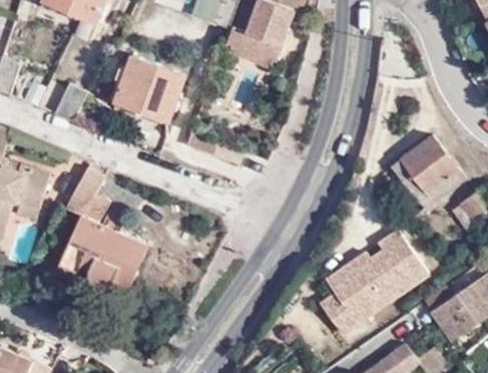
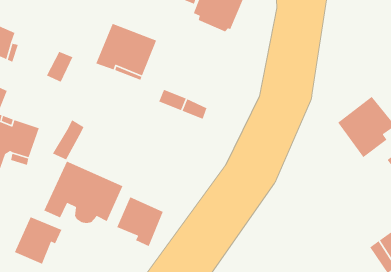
building: [315,224,427,333] -> none
building: none -> [116,196,164,247]
building: none -> [14,216,63,265]

